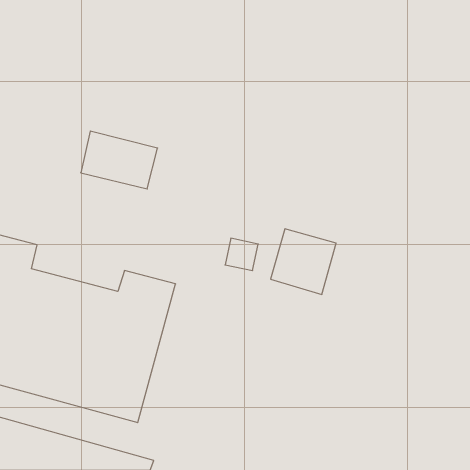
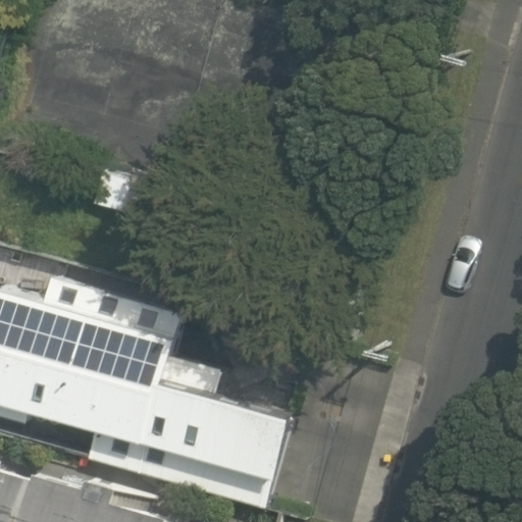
building: none -> [184,407,317,499]

